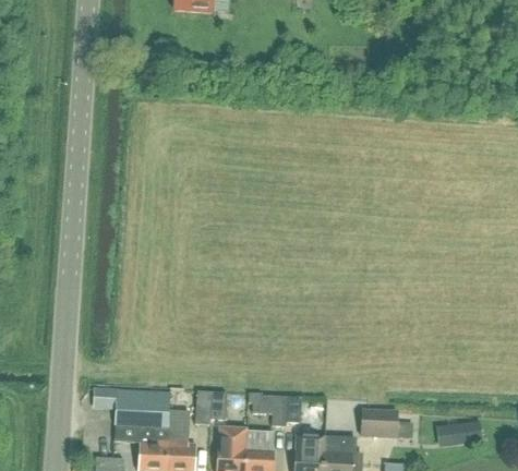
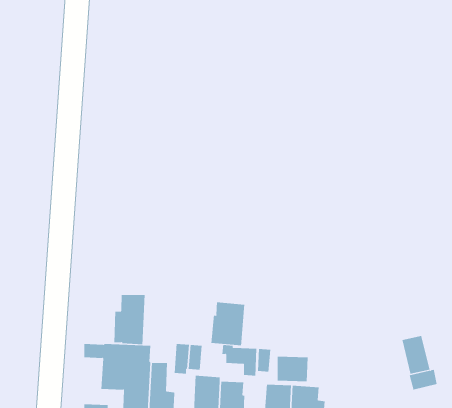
building: none -> [114,294,145,345]
building: none -> [211,302,245,346]
building: none -> [402,335,430,375]
building: [361,408,396,436] -> [277,356,309,382]

